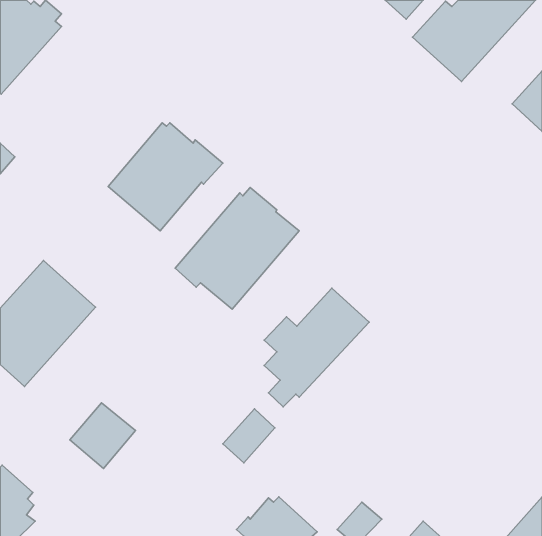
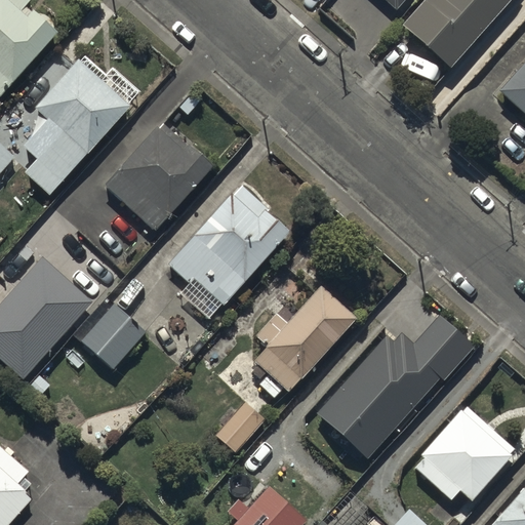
building: none -> [23,55,139,194]
building: none -> [317,314,476,457]
building: [70,403,135,469] -> [82,305,146,368]
building: none -> [416,405,515,500]

